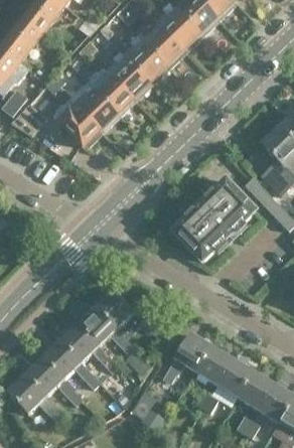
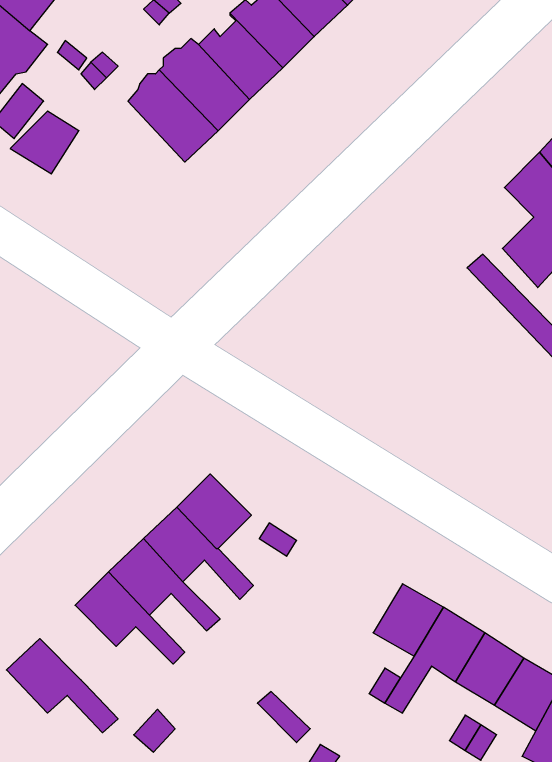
building: [53,99,100,147] -> none
building: [173,179,256,261] -> none
building: [163,333,211,382] -> none
building: [25,357,84,405] -> none

